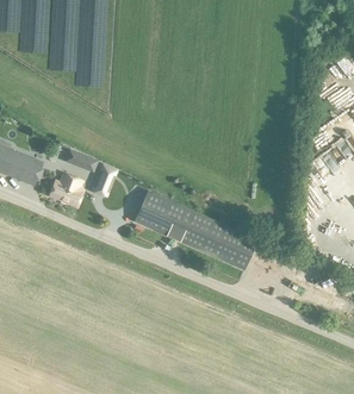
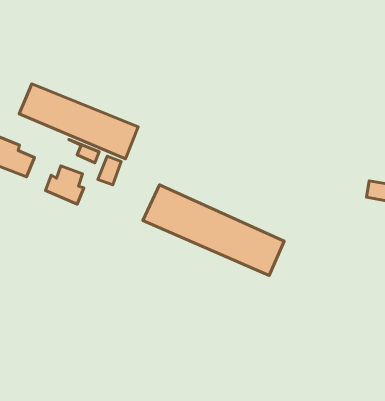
building: none -> [19,84,138,159]

